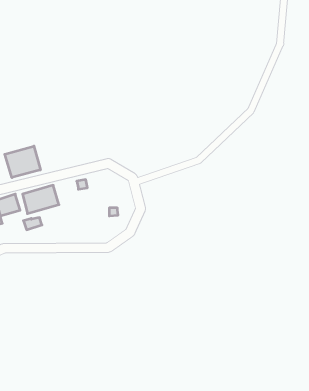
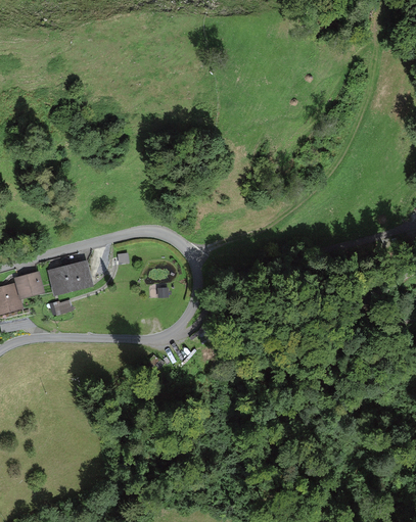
building: [5,146,40,178] -> none

